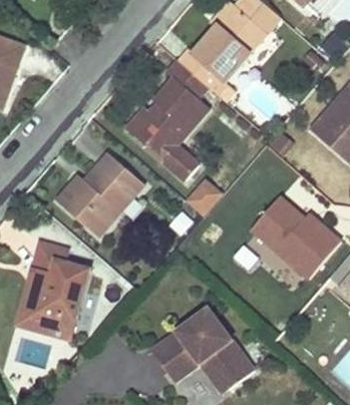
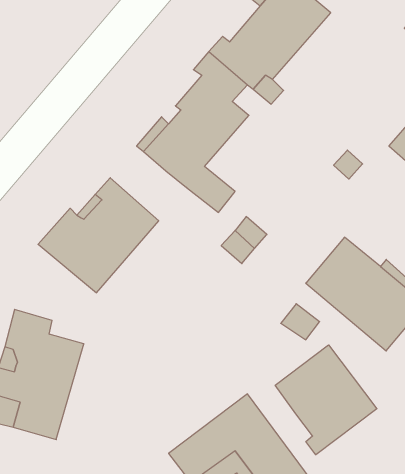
building: none -> [275,345,377,455]

